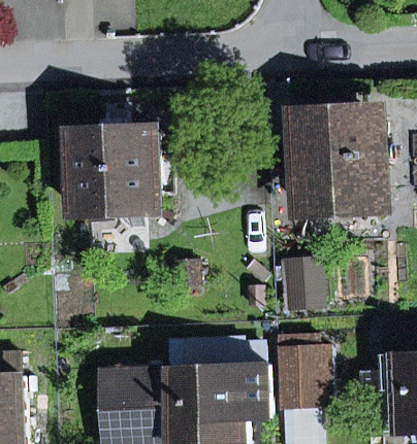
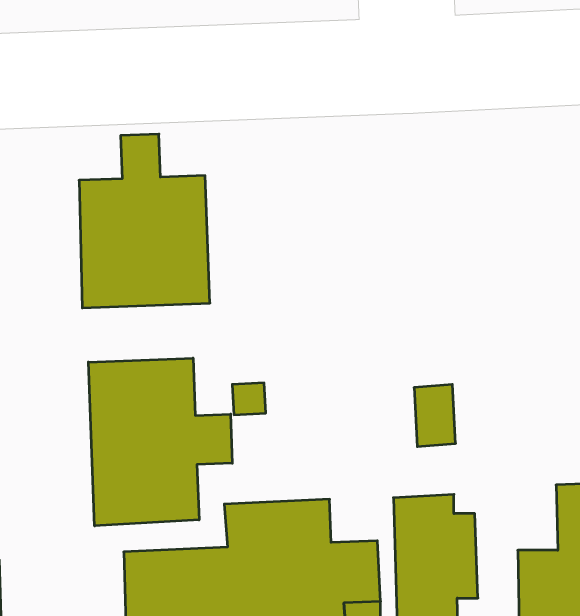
building: [290,121,382,203] -> none
building: none -> [88,358,232,526]

